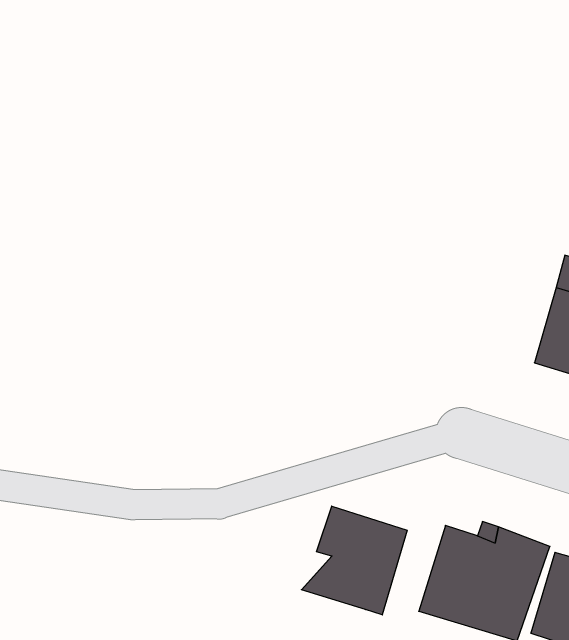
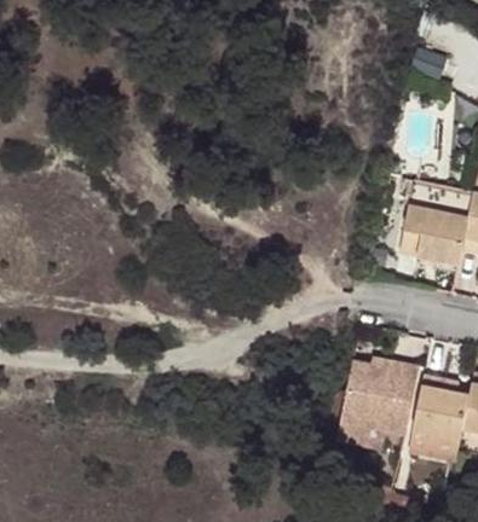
building: [301,506,407,615] -> none

